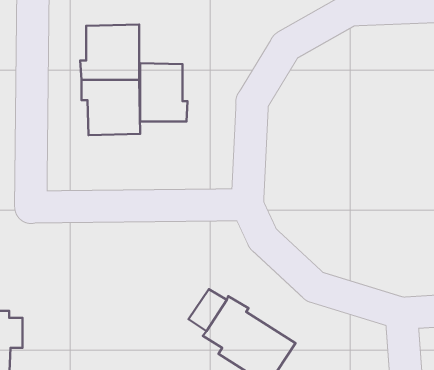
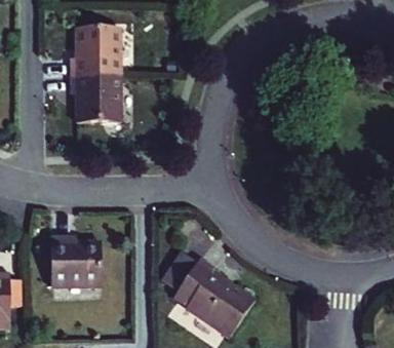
building: [140,63,187,122] -> none
building: none -> [49,235,100,285]

